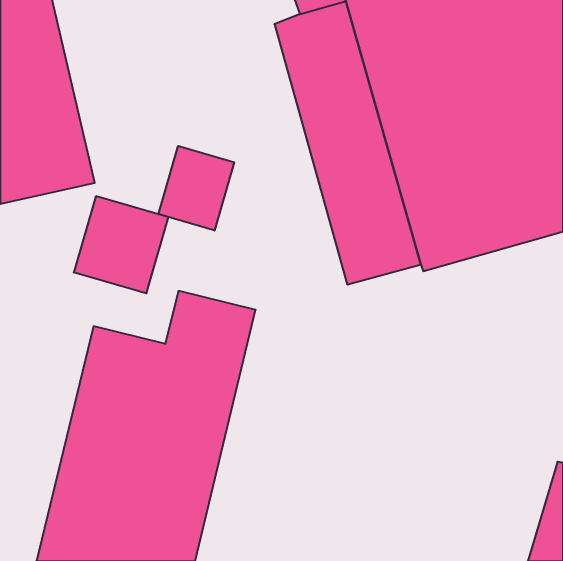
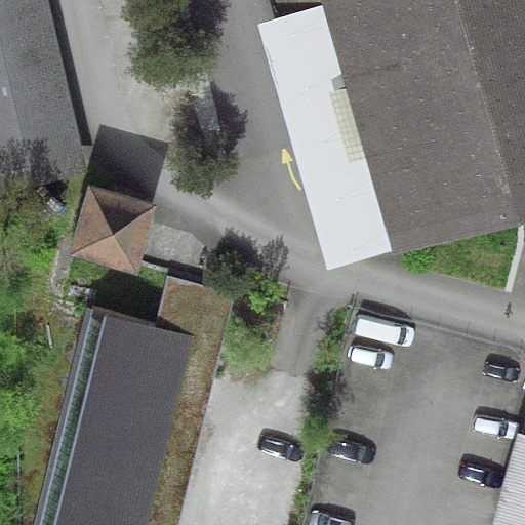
building: [159,146,234,231] -> none

